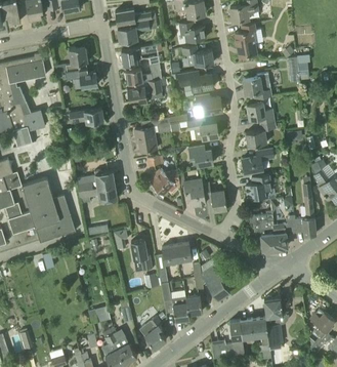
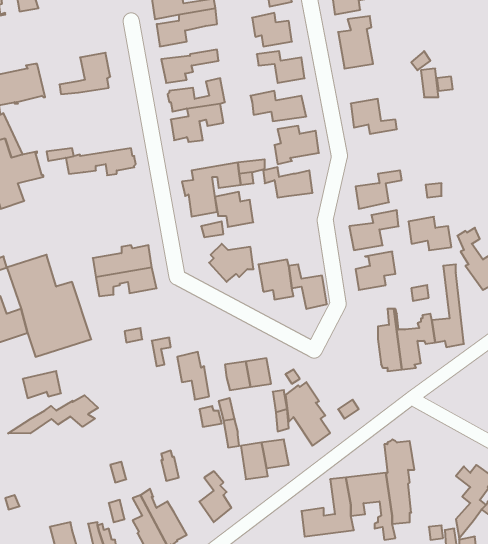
building: [56,69,98,87] -> none
building: [247,103,275,124] -> [408,217,451,250]
building: [188,144,213,166] -> [215,192,253,227]
building: none -> [8,395,98,433]

